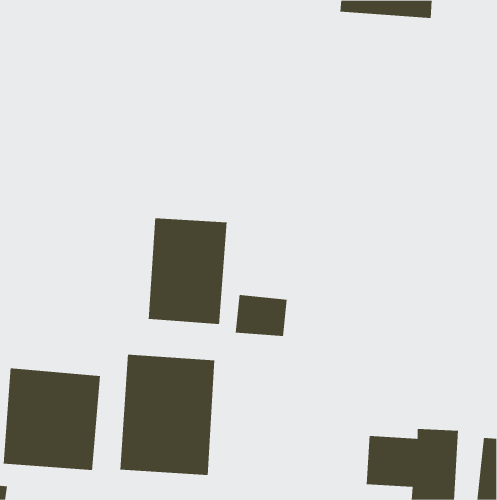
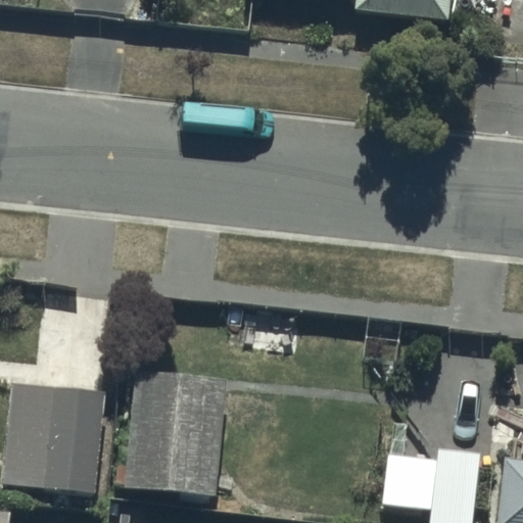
building: [148,217,227,325] -> none

